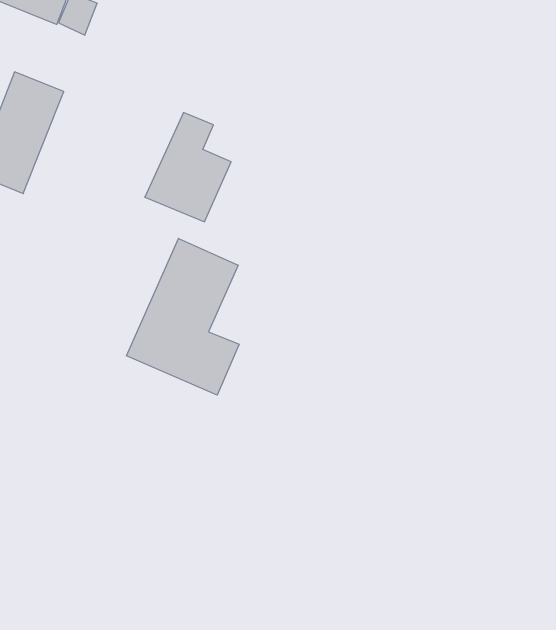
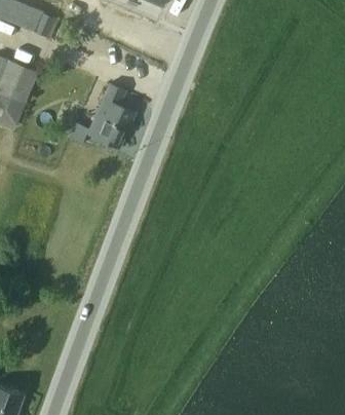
building: [127,238,239,395] -> none

